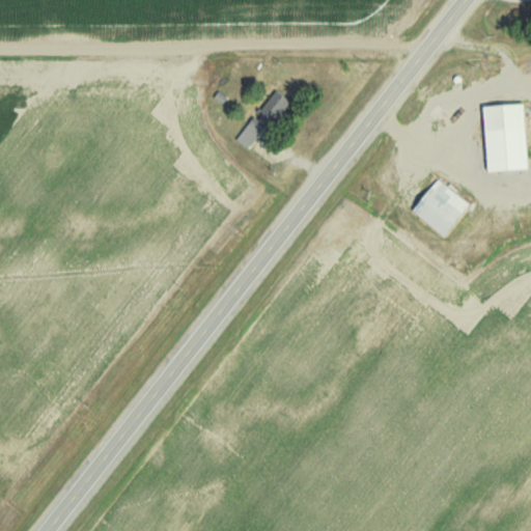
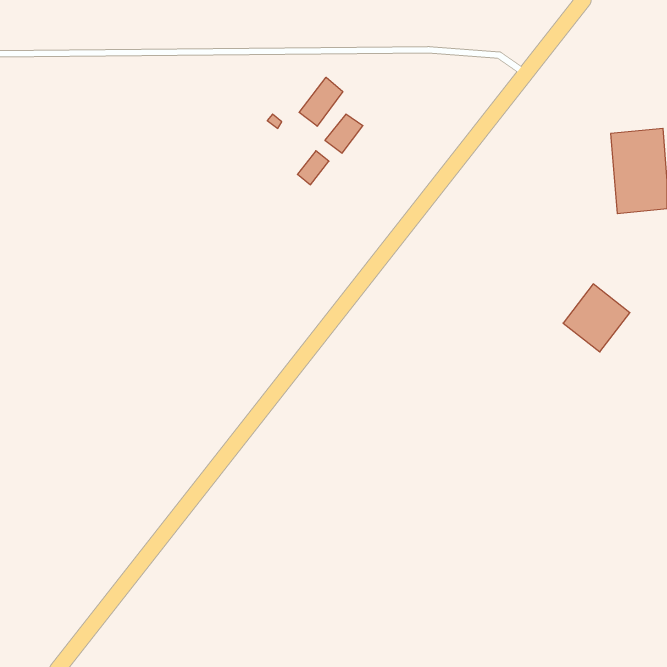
building: none -> [299,77,343,126]
building: [415,180,468,234] -> [563,284,630,352]

